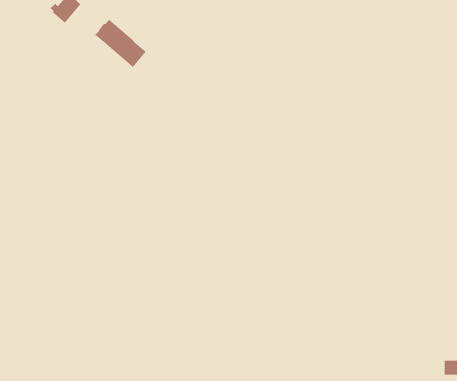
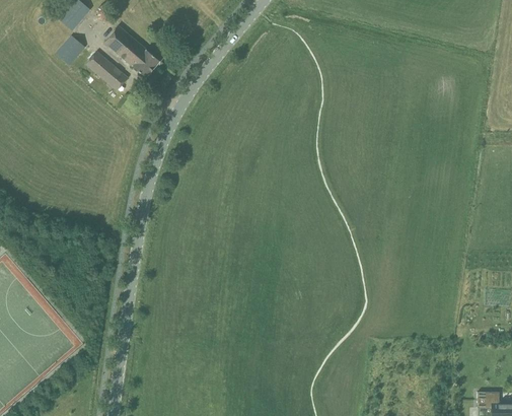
building: none -> [56,36,85,65]
building: none -> [85,52,128,90]

